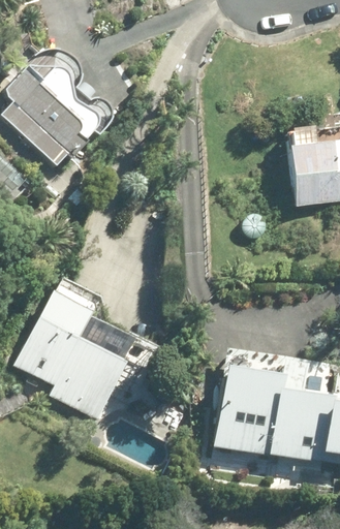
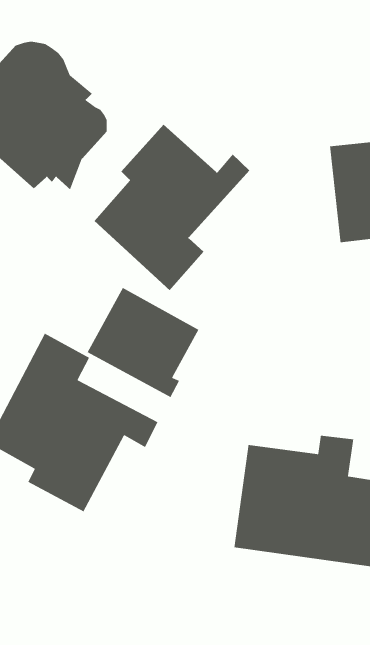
building: none -> [94,124,250,291]
building: none -> [86,287,199,398]

